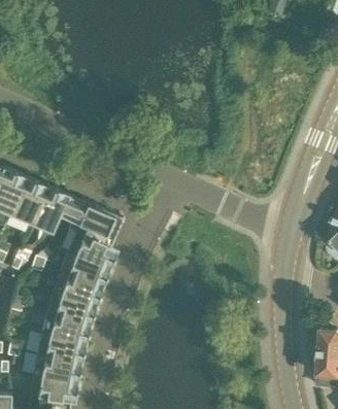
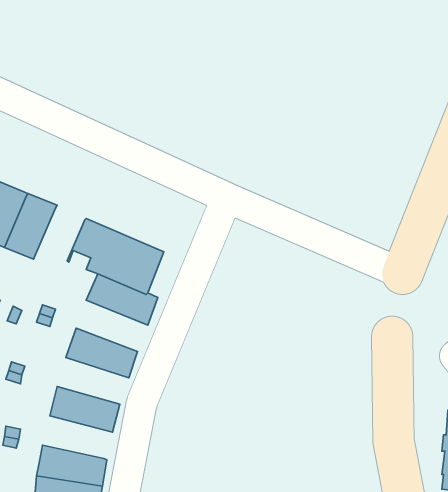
building: [29,184,66,232] -> none
building: [59,251,109,287] -> none
building: [45,292,96,325] -> none
building: [35,333,84,364] -> none

